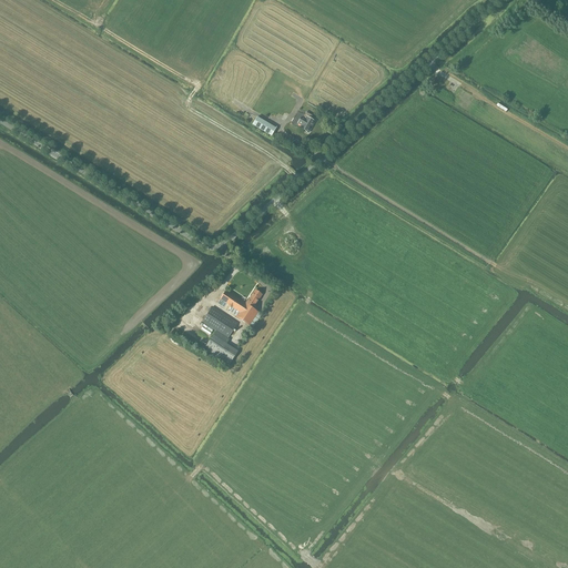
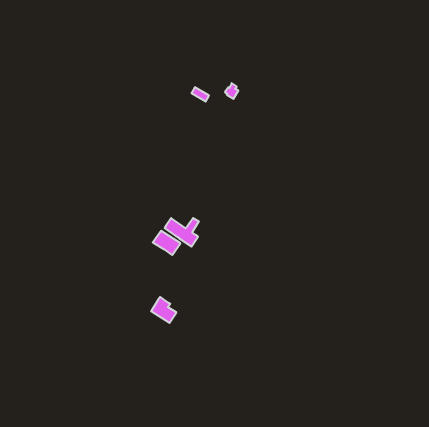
building: [204,329,237,364] -> [151,297,176,323]

